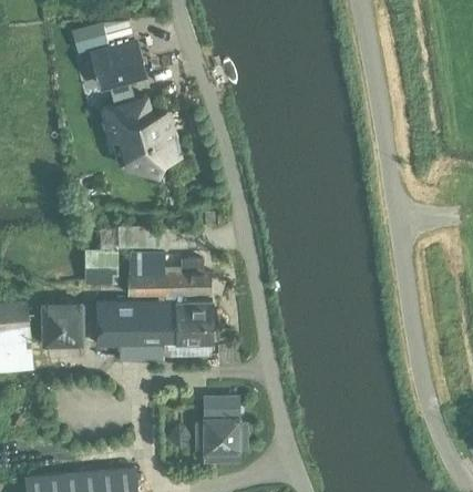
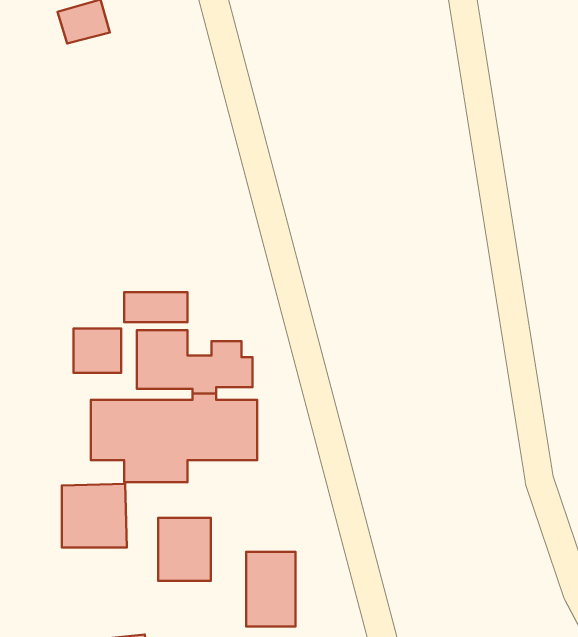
building: [92,43,178,177] -> none
building: [42,299,88,344] -> [62,484,127,547]
building: none -> [158,518,211,581]

